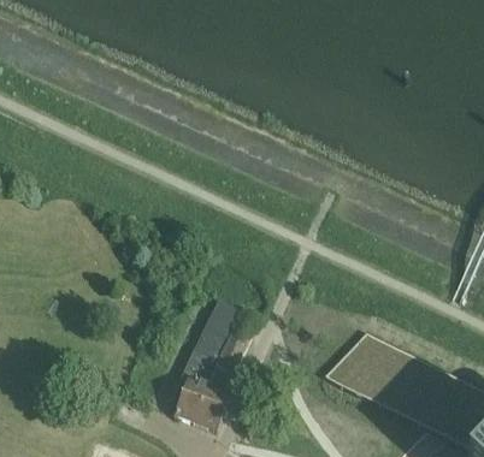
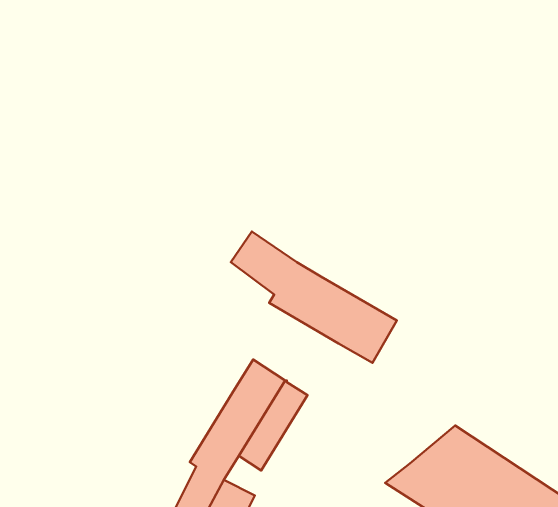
building: none -> [231,231,397,363]

